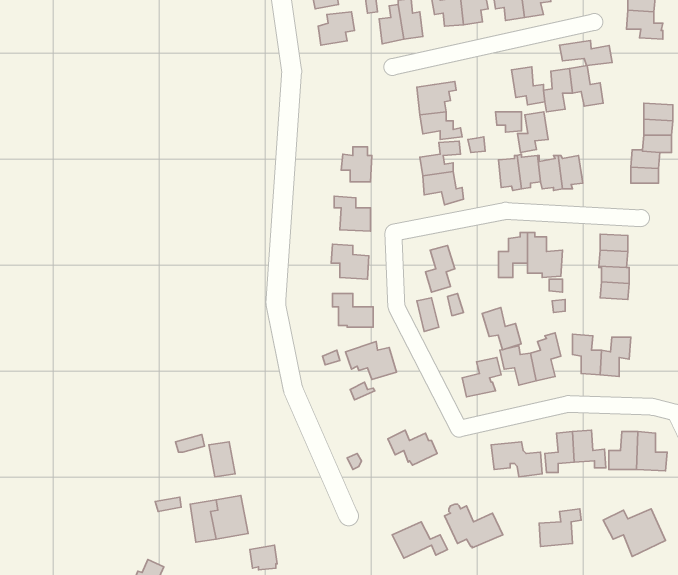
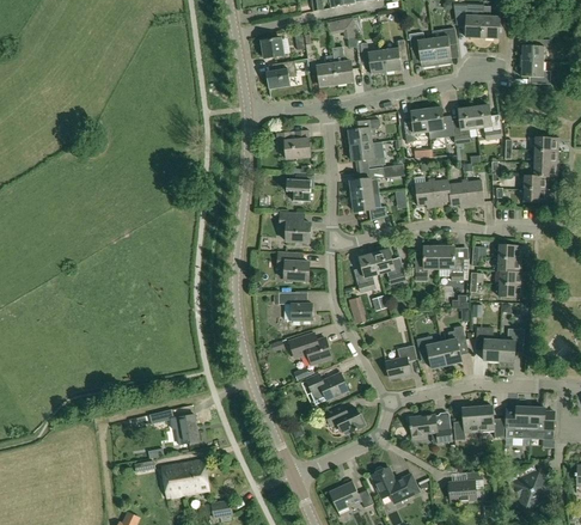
building: [560,40,612,66] -> none
building: none -> [277,129,310,158]
building: [518,112,548,152] -> [404,108,429,141]
building: [482,308,521,350] -> [373,248,405,282]
building: none -> [306,372,348,398]

